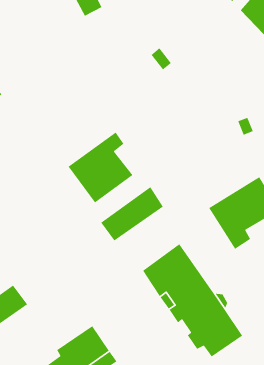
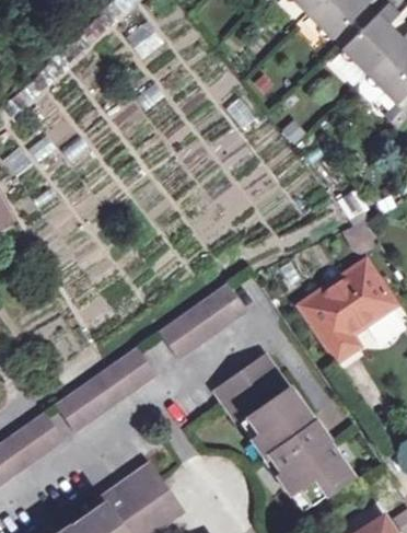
building: [67,131,133,203] -> none
building: none -> [58,345,158,428]

